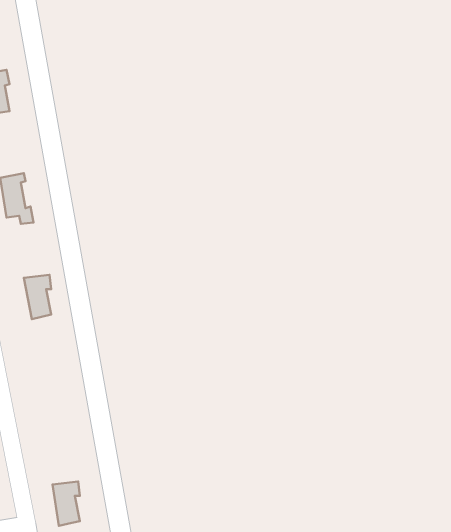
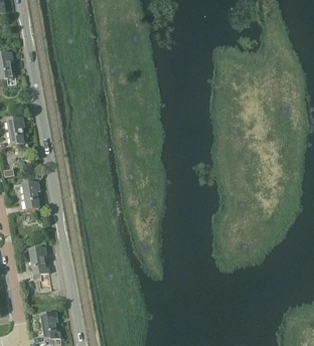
building: none -> [29,246,49,279]

